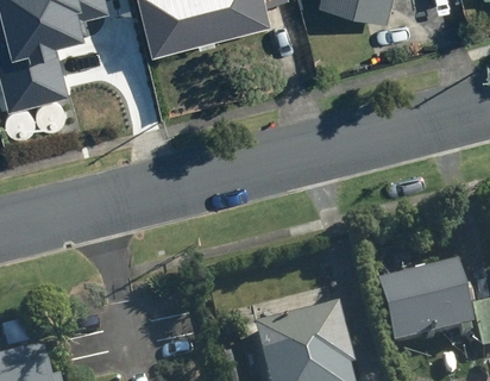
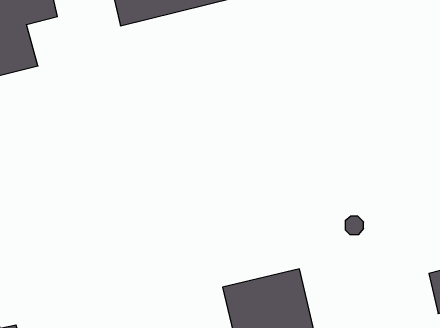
building: [377,270,473,355] -> none

